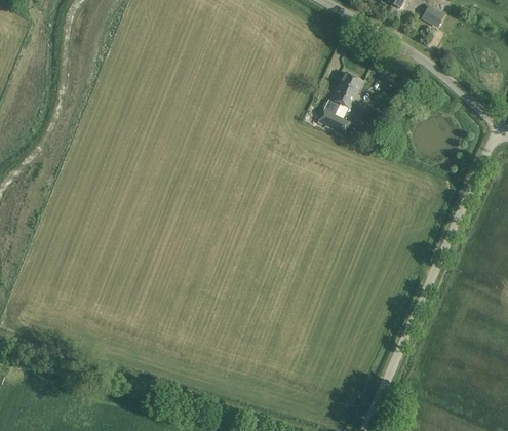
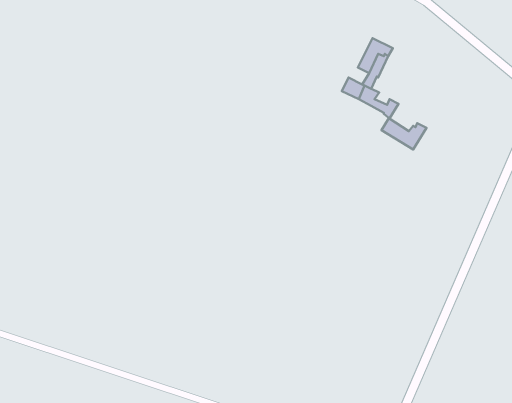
building: none -> [382,118,426,150]

